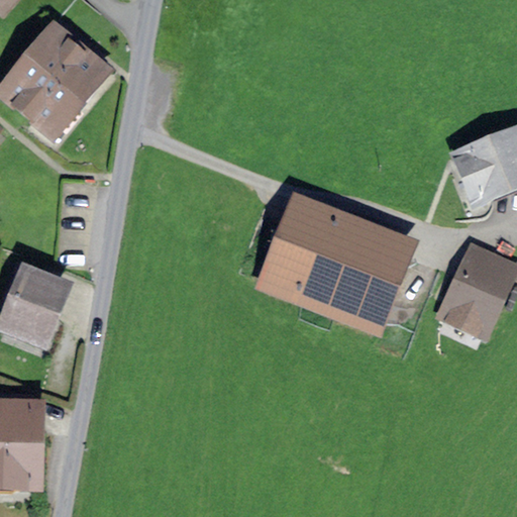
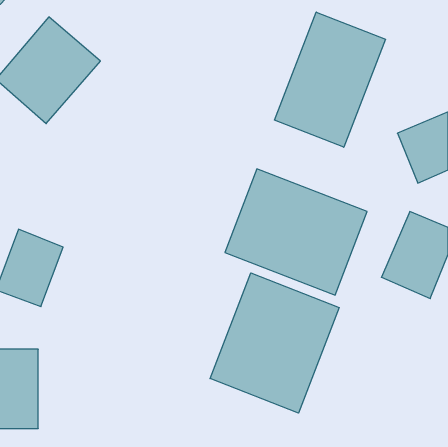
building: none -> [274,12,386,147]
building: none -> [210,273,339,413]

